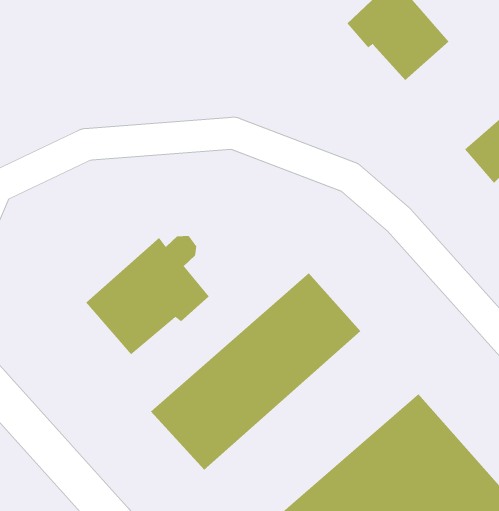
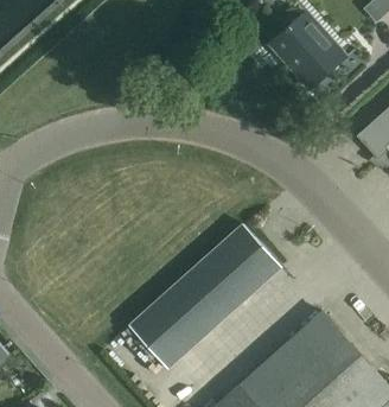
building: [86,235,210,355] -> none

